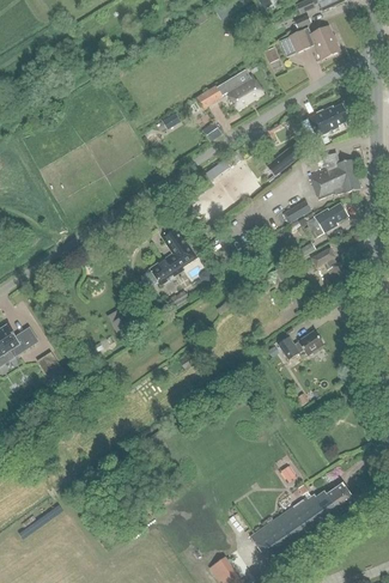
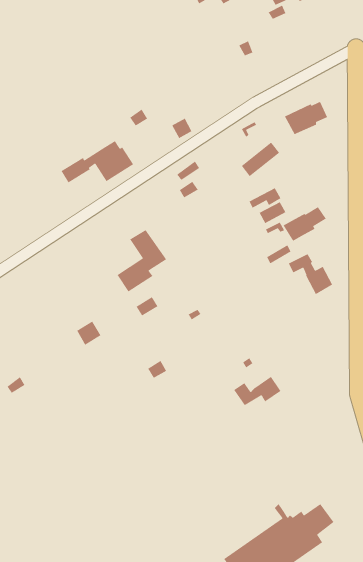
building: [291,26,341,60] -> none
building: [194,69,263,110] -> [61,140,134,183]
building: [309,153,360,200] -> none
building: [278,330,323,359] -> [233,376,281,406]

